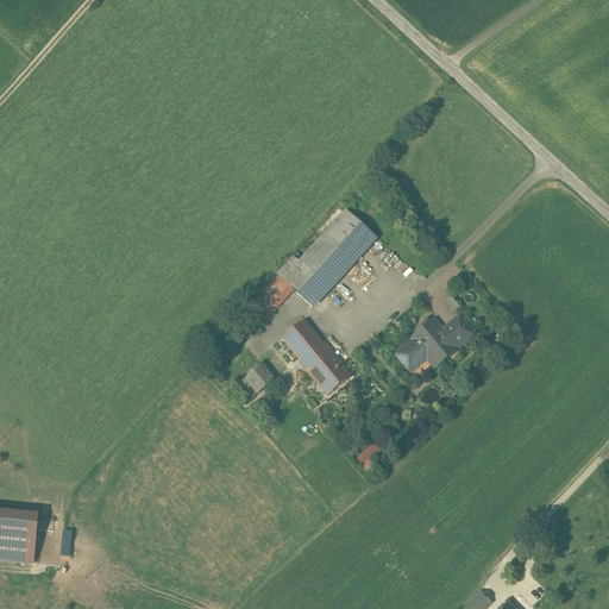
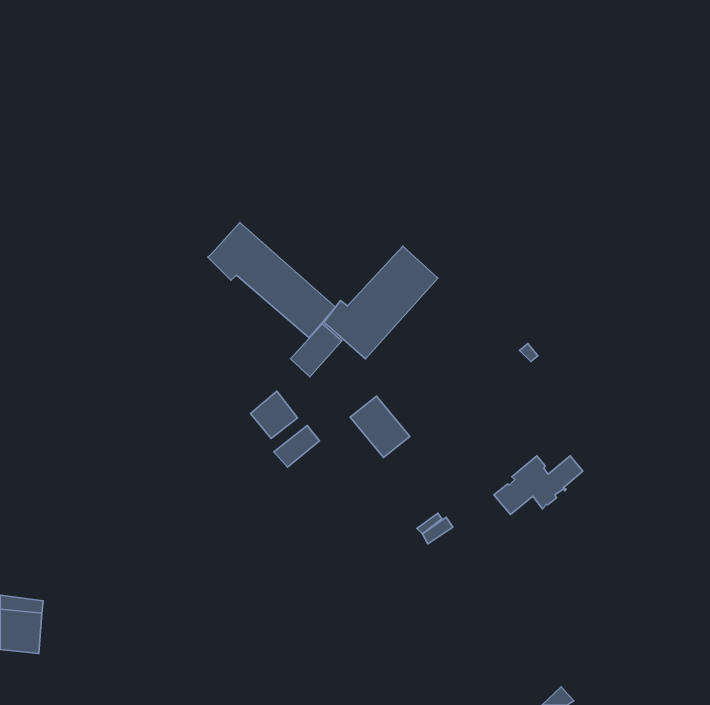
building: none -> [208,222,335,338]
building: [282,316,322,357] -> [250,391,298,439]
building: [396,318,472,368] -> [494,456,583,514]

